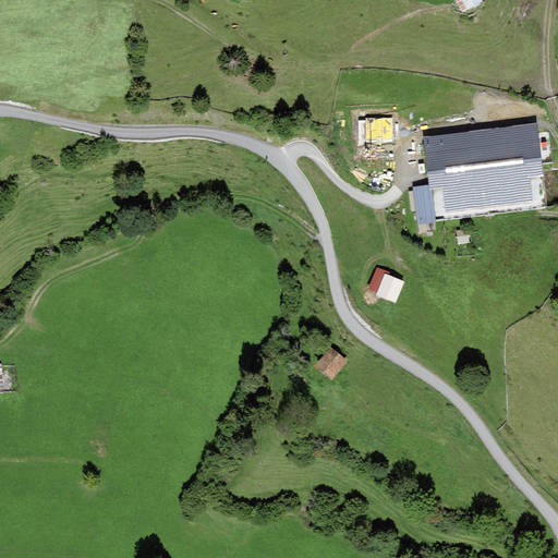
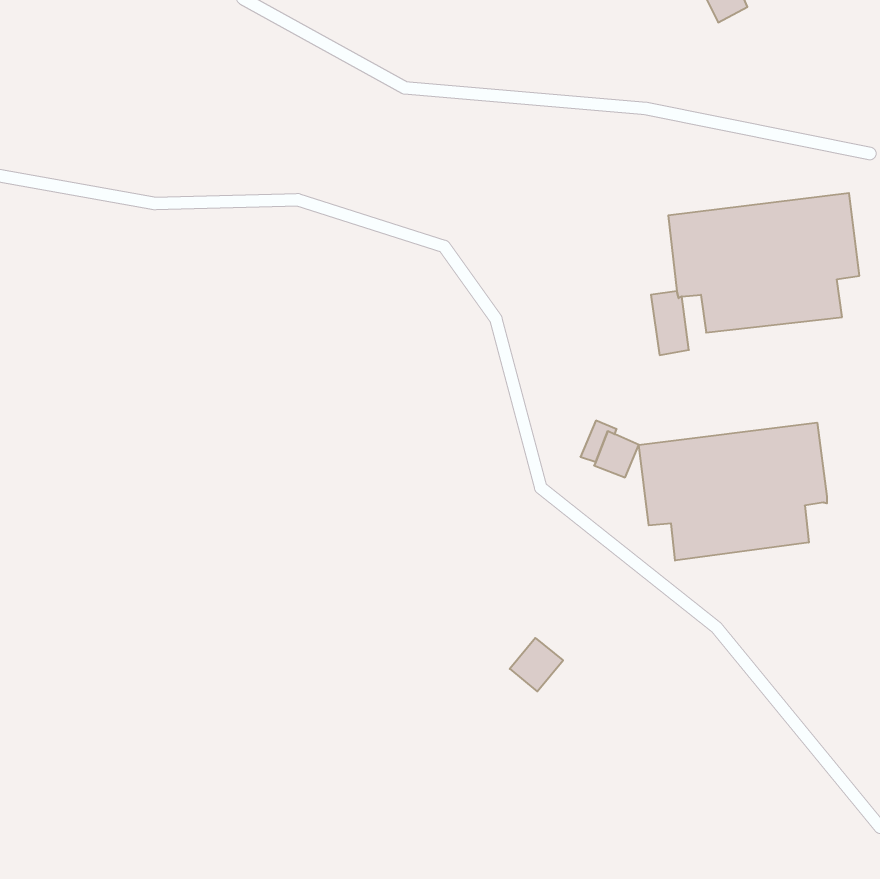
building: none -> [639,423,827,561]
building: [314,347,348,380] -> [510,638,563,691]

